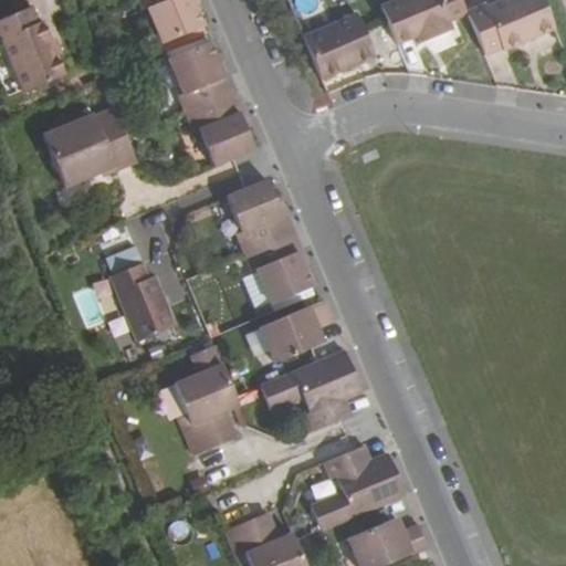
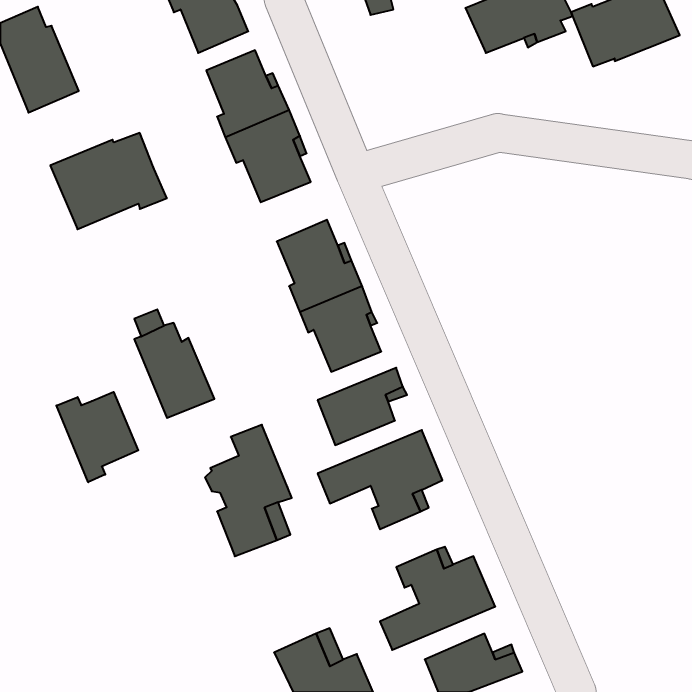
building: [303,13,375,77] -> none
building: none -> [56,392,138,482]

